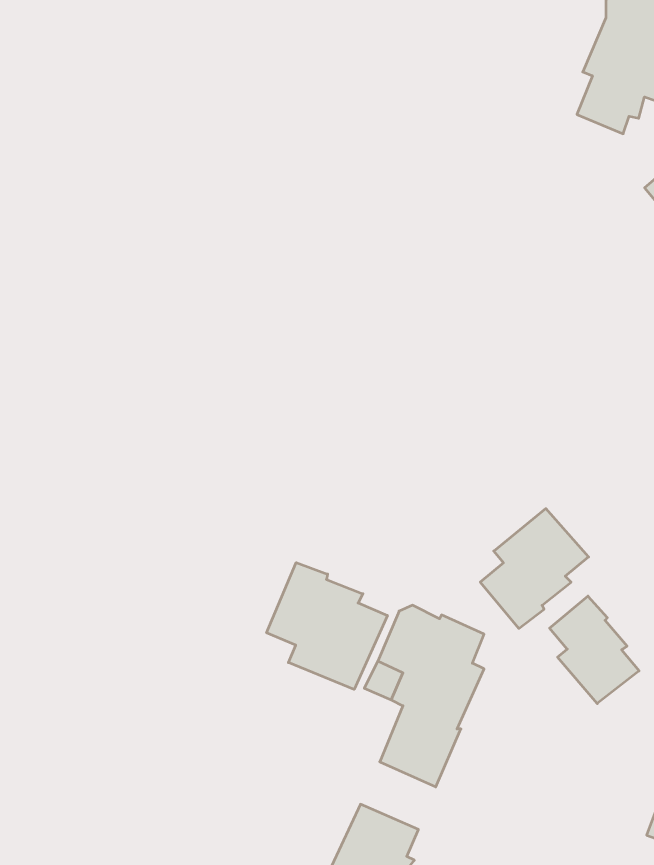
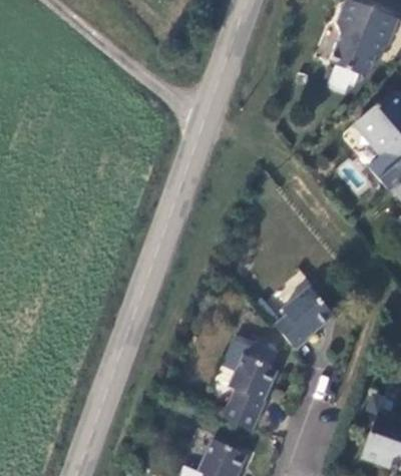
building: [267,563,387,689] -> none
building: [550,596,639,704] -> none

